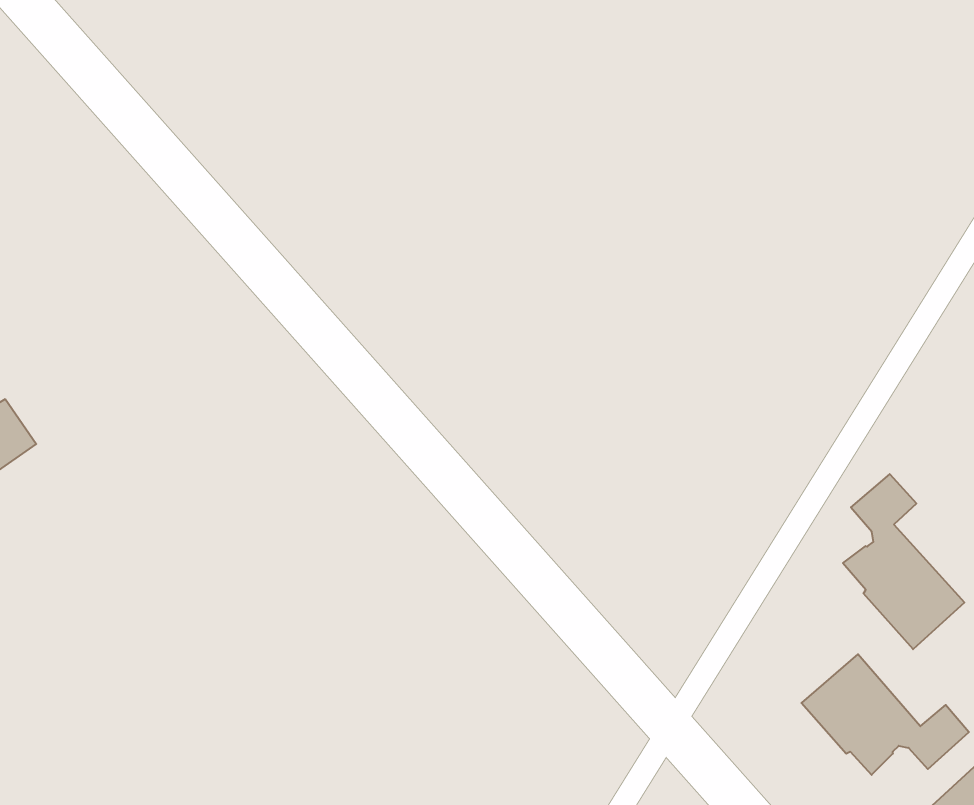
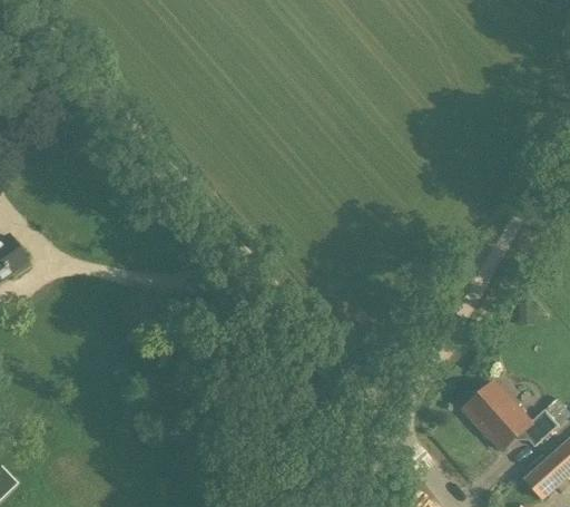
building: [843,474,964,649] -> none

